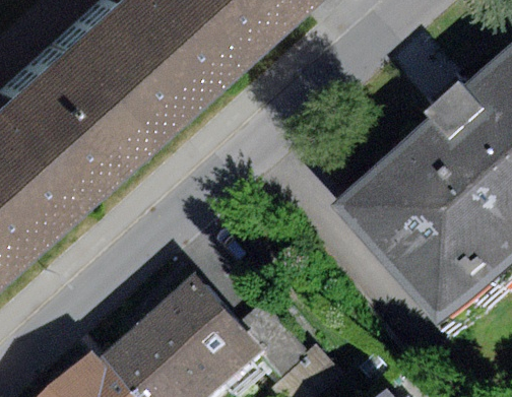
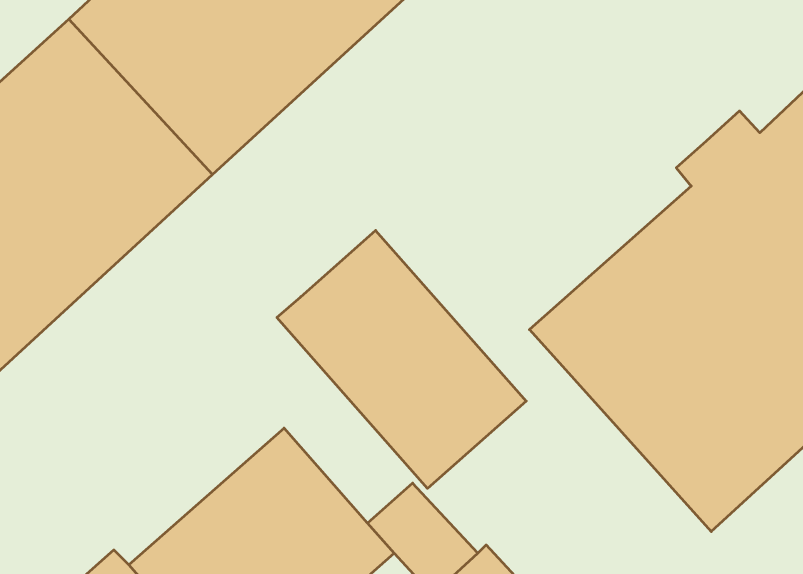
building: none -> [277,230,526,488]

